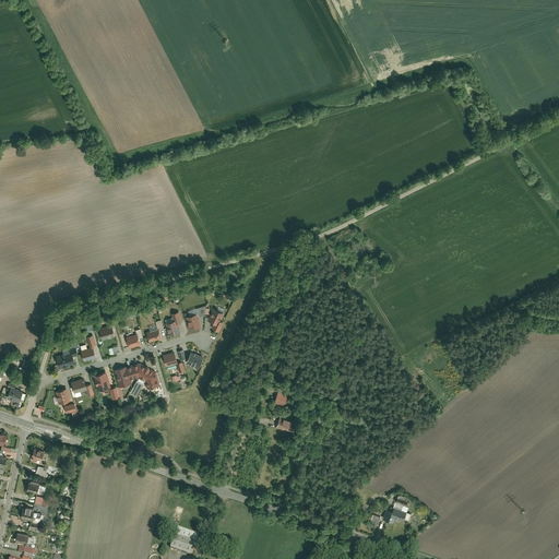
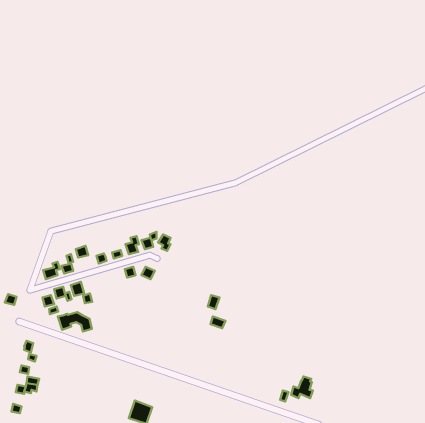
building: [115,365,159,390] -> [58,312,92,331]

